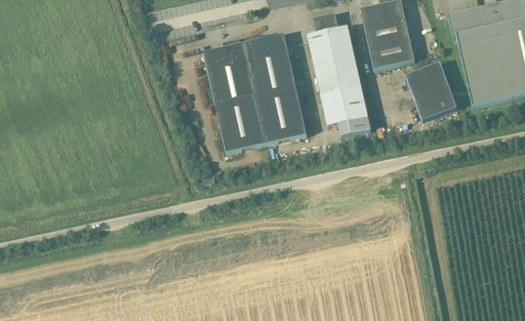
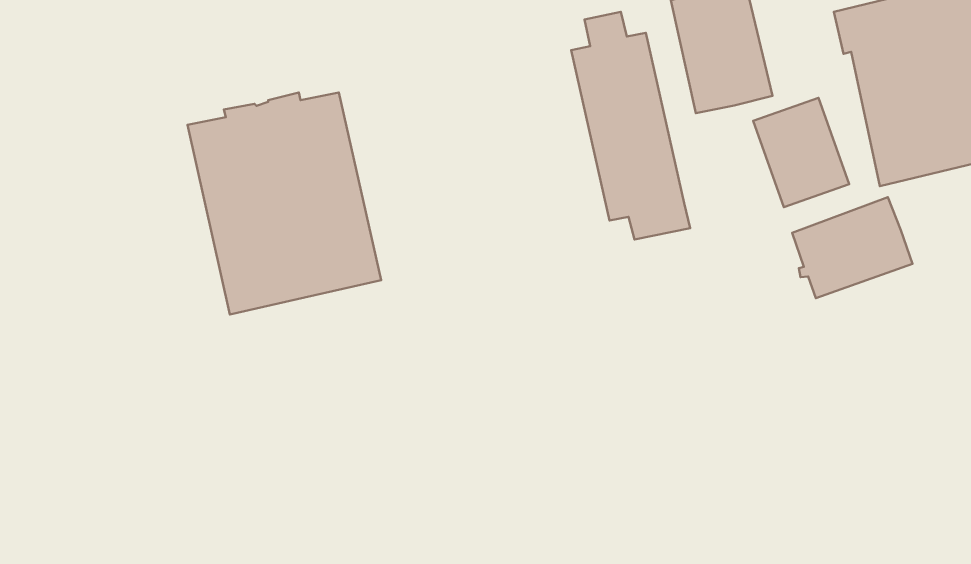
building: [203,36,307,155] -> [187,92,381,315]
building: none -> [792,197,912,298]

